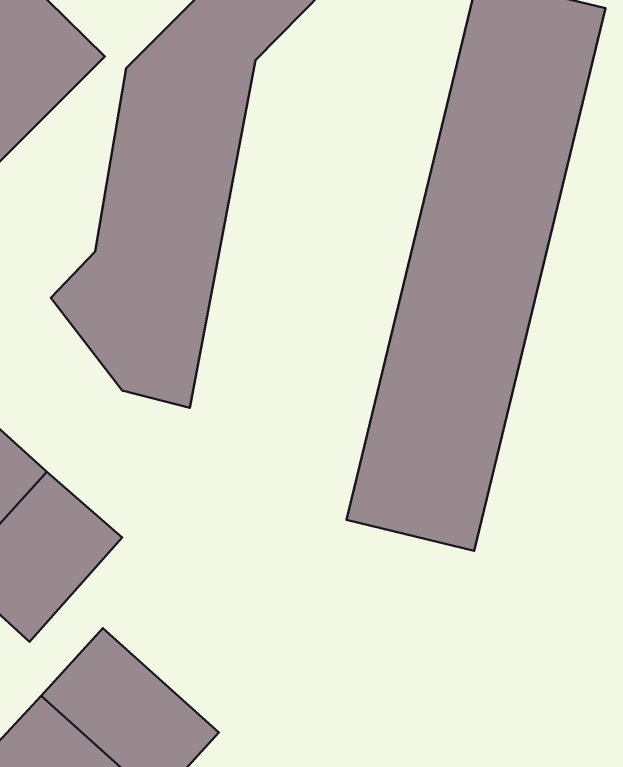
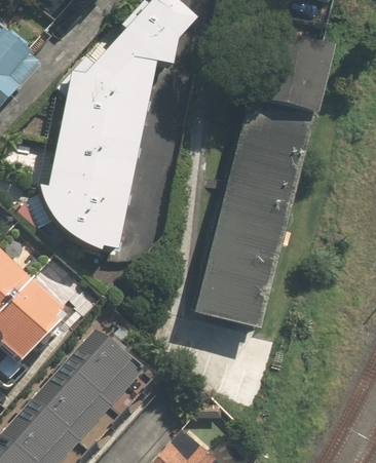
building: none -> [64,331,157,422]

